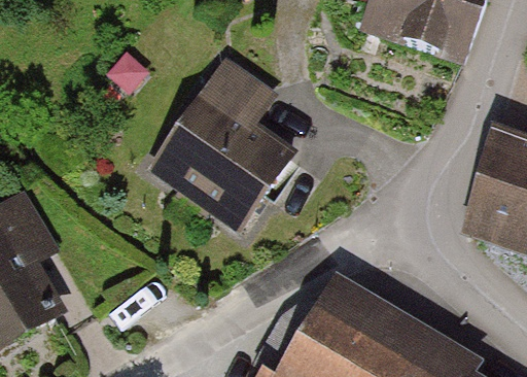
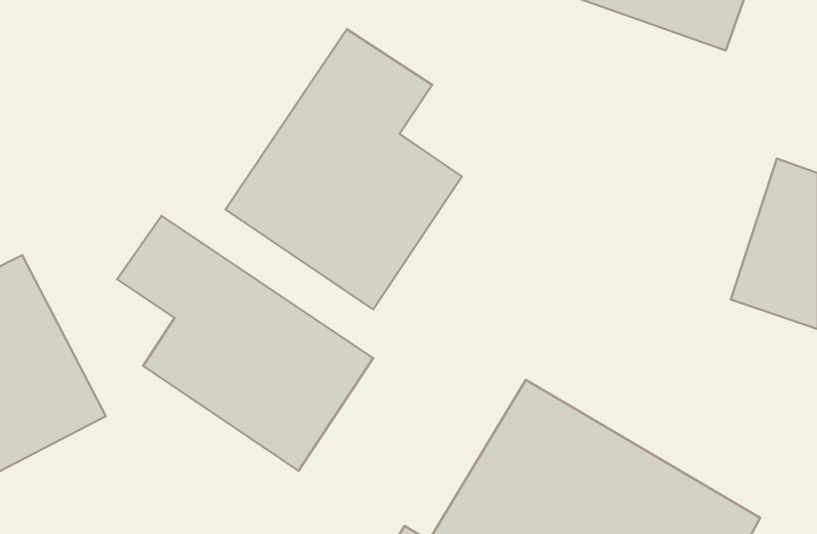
building: none -> [117,216,373,471]

